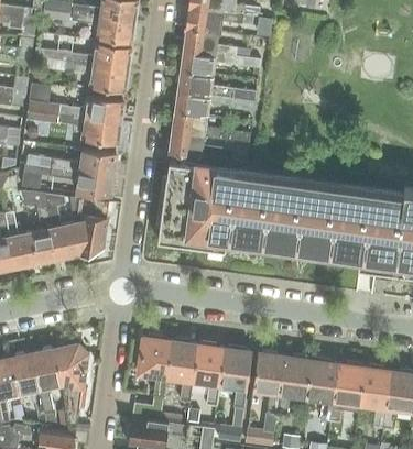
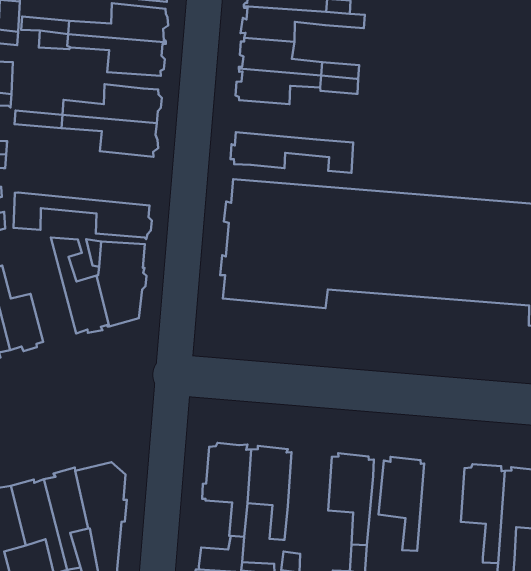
building: [28,84,59,114] -> none
building: [171,111,250,143] -> none
building: [26,150,117,177] -> none
building: [22,191,59,264] -> none
building: [193,343,224,406] -> none
building: [276,355,311,416] -> none

